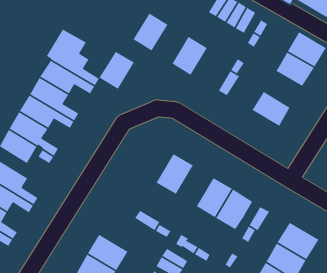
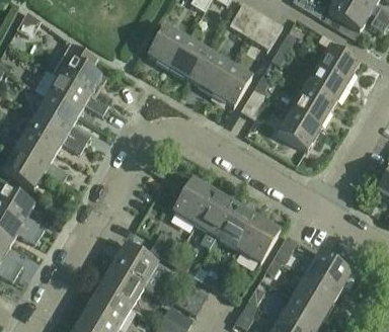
building: none -> [212,63,252,106]
building: [99,51,135,90] -> [169,37,209,80]
building: none -> [291,88,333,128]
building: none -> [196,190,236,248]
building: none -> [111,243,166,290]

